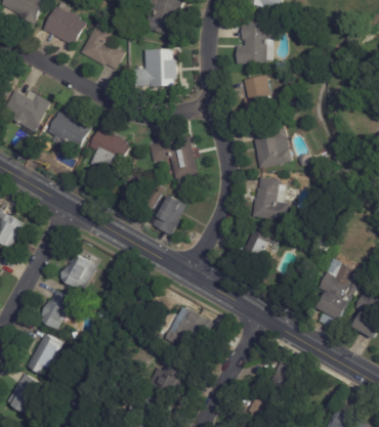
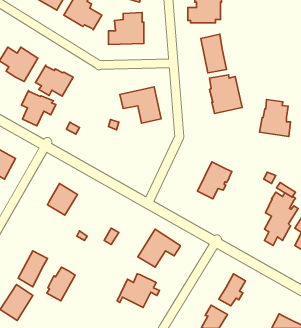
building: [89,130,130,172] -> [21,91,56,126]
building: [251,177,288,221] -> [260,99,291,136]
building: [135,183,184,236] -> none
building: [39,289,73,329] -> [47,267,75,301]

